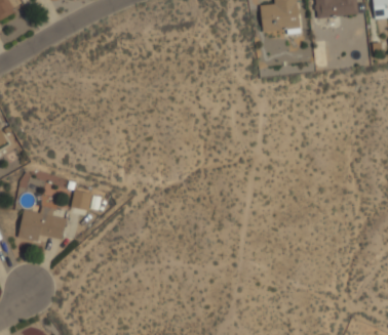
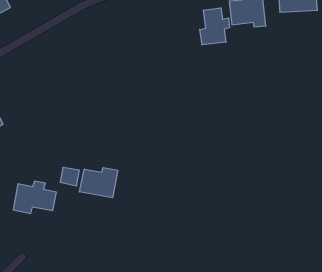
building: none -> [200,8,229,45]
building: none -> [79,168,118,198]

